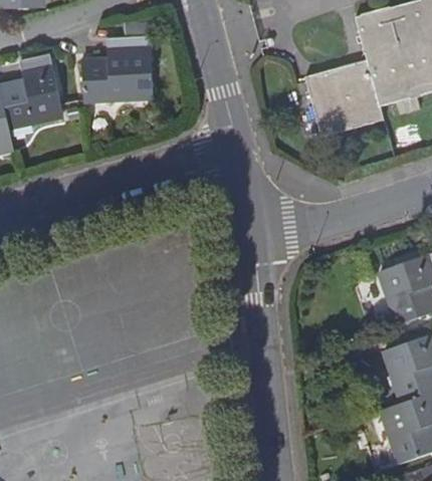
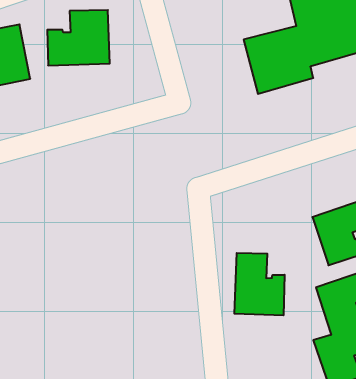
building: none -> [234,253,285,315]

